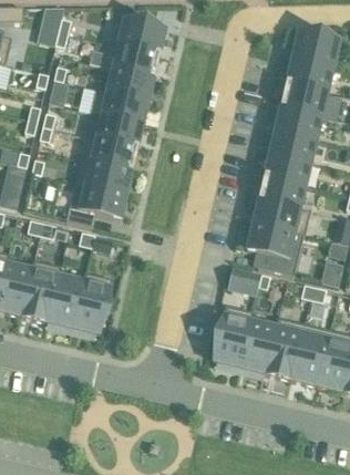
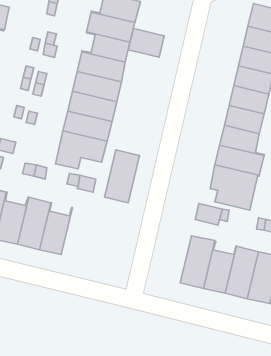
building: none -> [128,29,164,57]
building: [72,273,113,335] -> [104,150,139,203]

